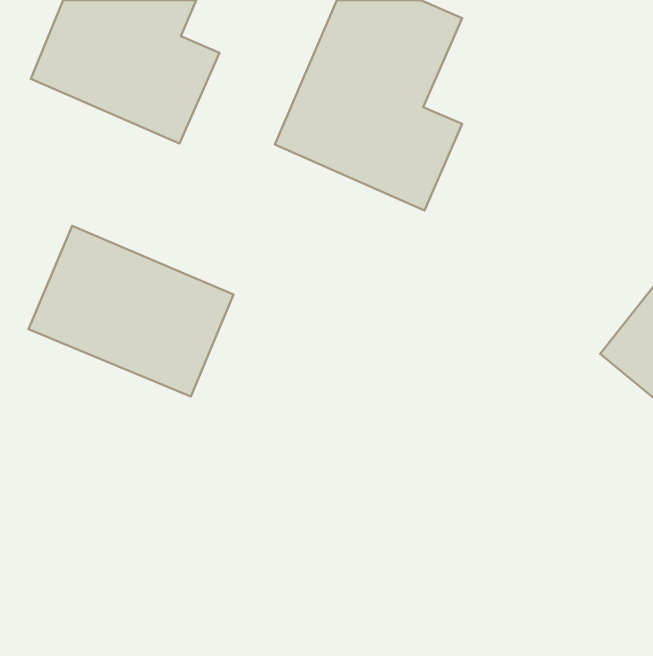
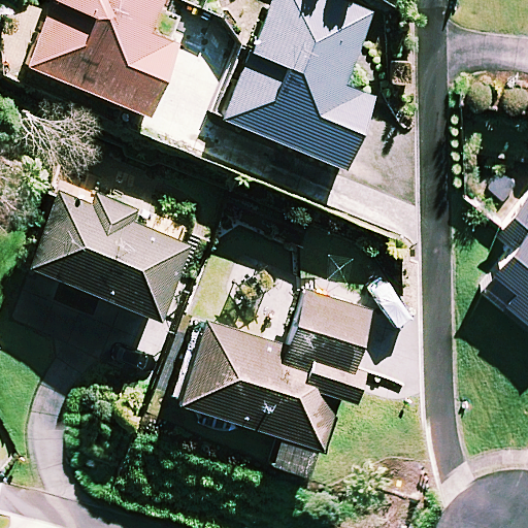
building: none -> [180,290,372,481]

